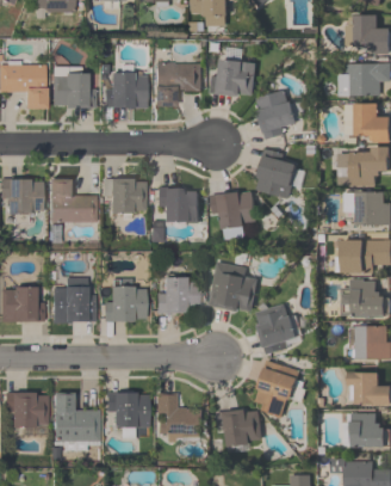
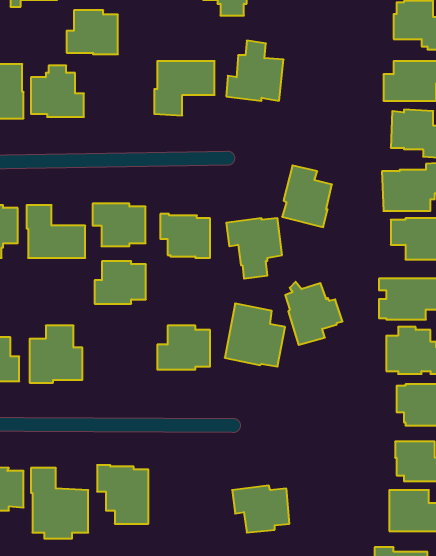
building: [104,72,145,107] -> [67,10,118,54]
building: [257,88,305,137] -> none
building: [104,287,145,321] -> [95,261,146,304]
building: [256,301,303,352] -> [285,282,343,345]
building: [256,358,306,418] -> none
building: [155,393,203,436] -> none

